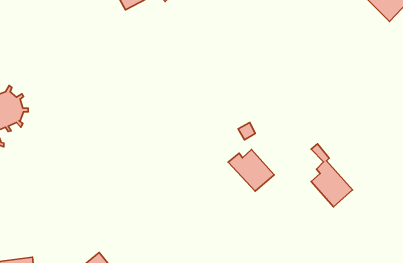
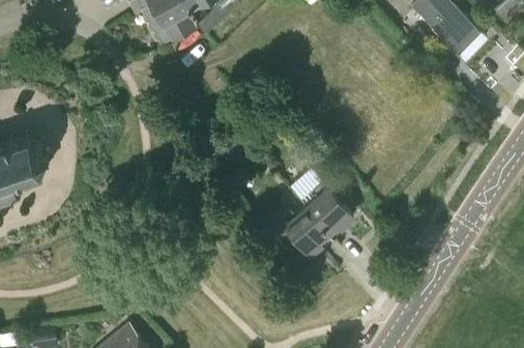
building: [311,144,352,207] -> [305,163,353,235]

